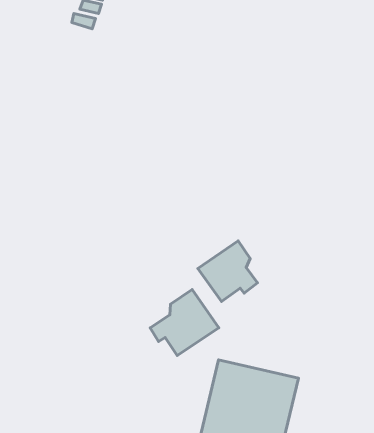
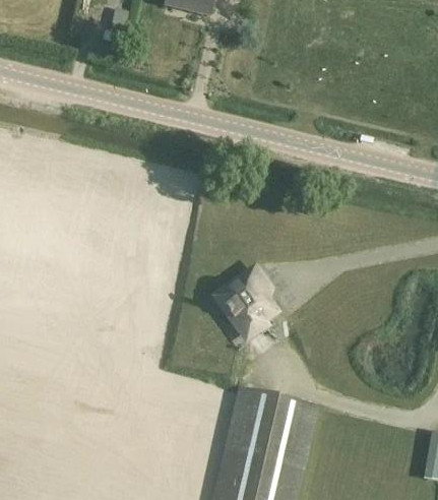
building: [150,289,219,356] -> none

